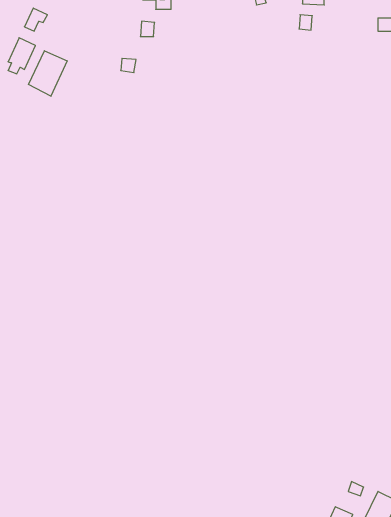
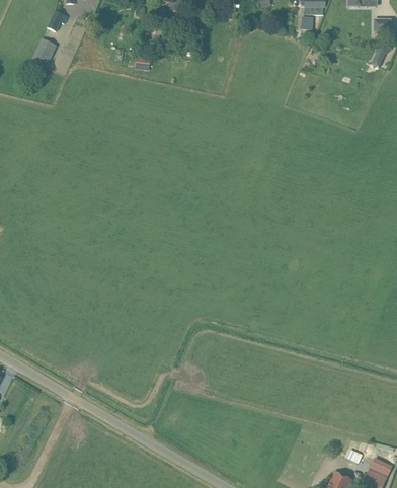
building: [28,51,67,96] -> none

